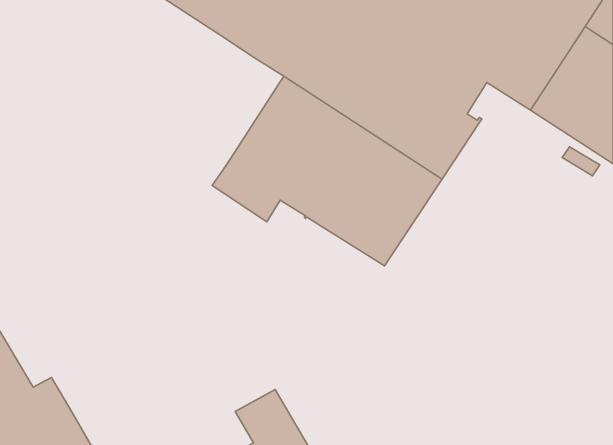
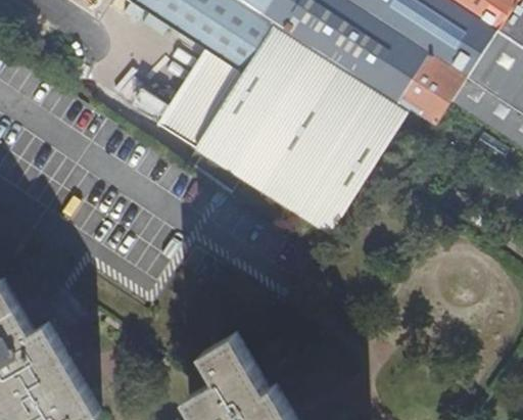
building: none -> [167,53,243,145]
building: none -> [397,76,450,123]

